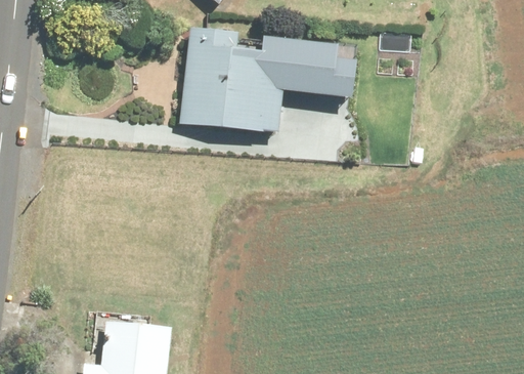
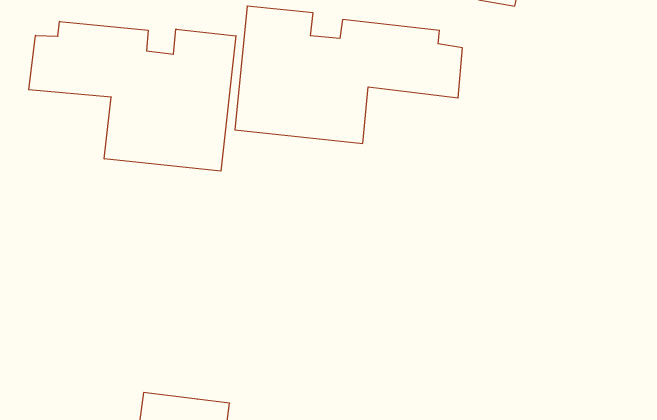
building: none -> [29,21,236,171]

